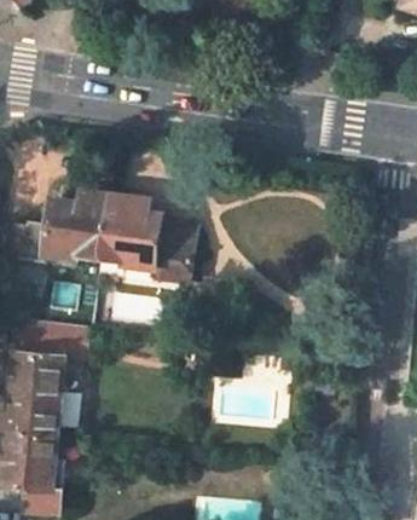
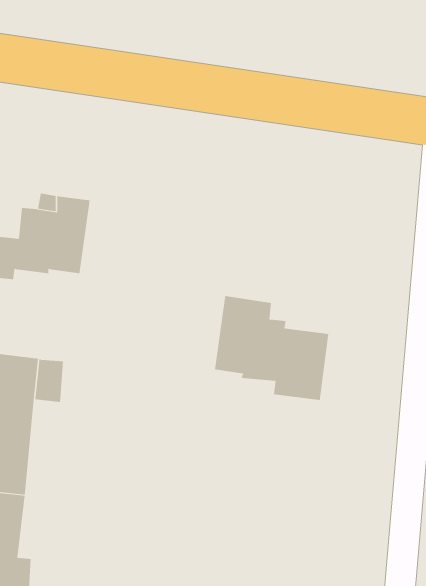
building: [100,196,195,282] -> [214,296,329,400]

